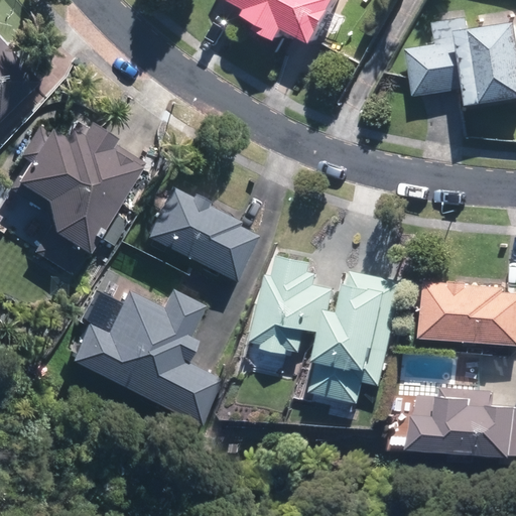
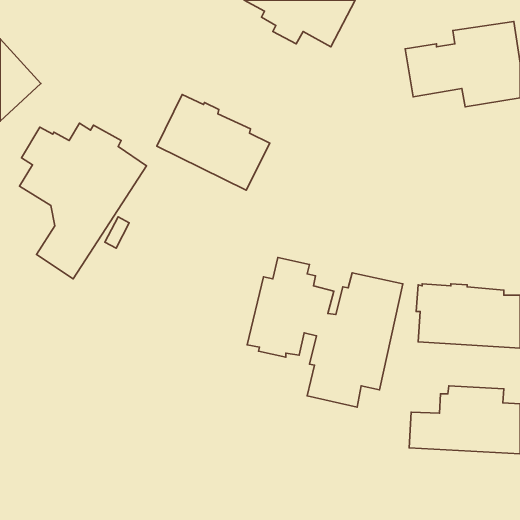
building: [149,187,261,282] -> [157,94,270,190]
building: [74,289,226,427] -> none

